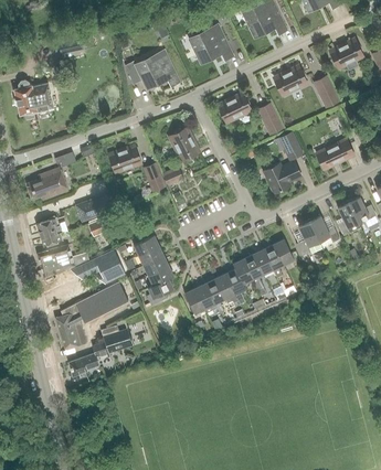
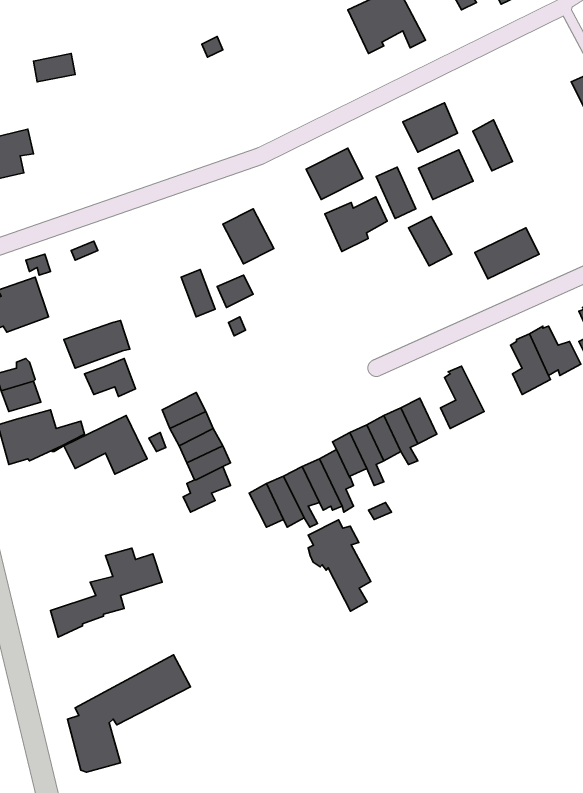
building: [189,24,233,64] -> none
building: [330,39,362,70] -> none
building: [125,50,179,89] -> none
building: none -> [418,150,473,200]
building: [109,146,140,172] -> none
building: [264,161,300,193] -> [325,197,387,252]
building: [308,215,339,246] -> none
building: [56,280,128,349] -> [68,655,191,772]
building: none -> [308,520,371,611]

